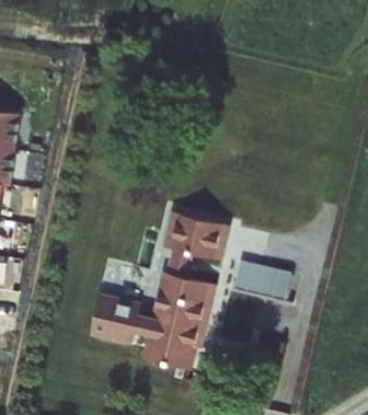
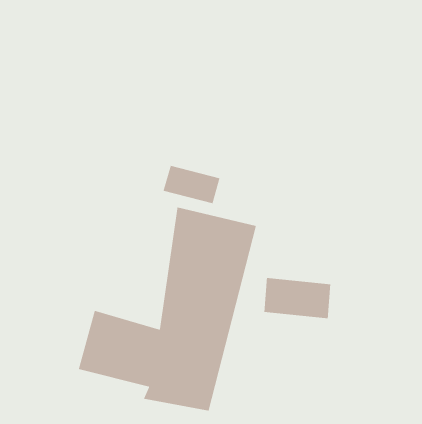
building: none -> [163,165,221,204]

